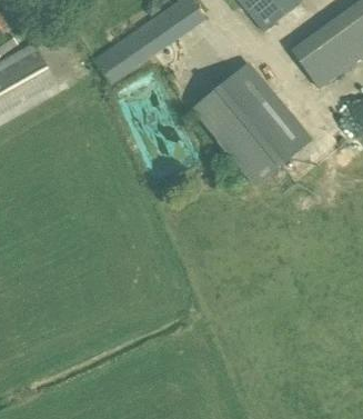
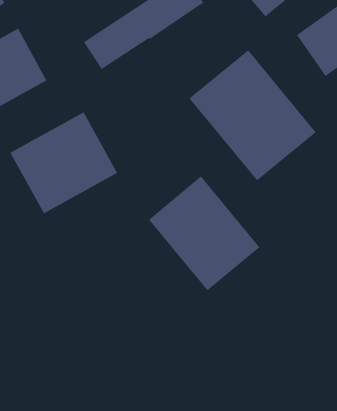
building: none -> [9,111,118,214]
building: none -> [148,175,260,291]

